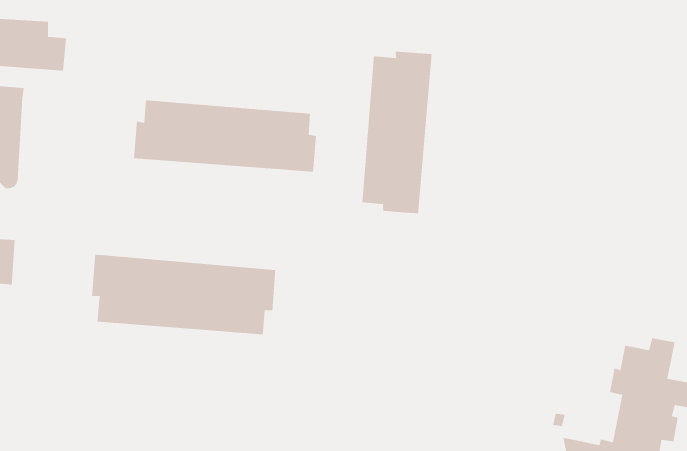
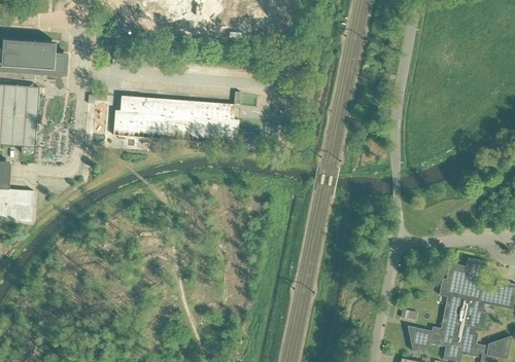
building: [362,51,432,214] -> none
building: [91,254,276,335] -> none

